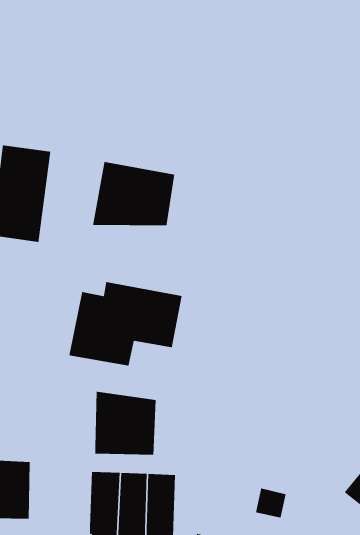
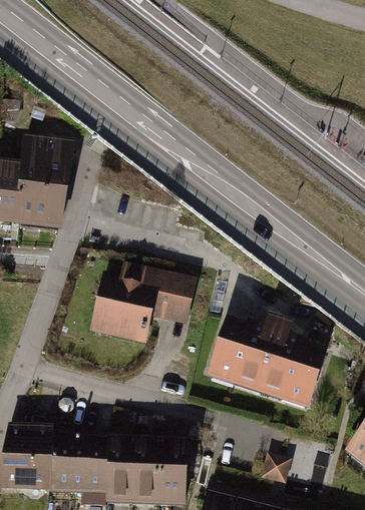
building: [92,161,175,226] -> none
building: none -> [203,319,325,410]
building: [95,391,156,455] -> [52,431,109,490]

